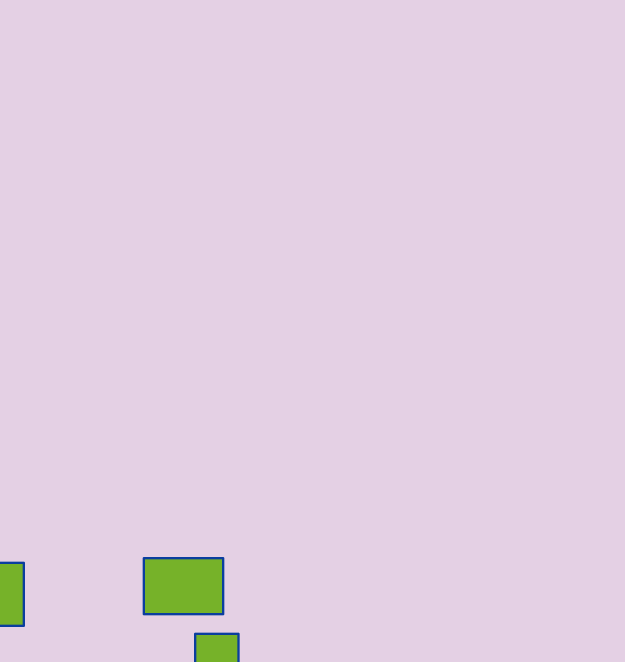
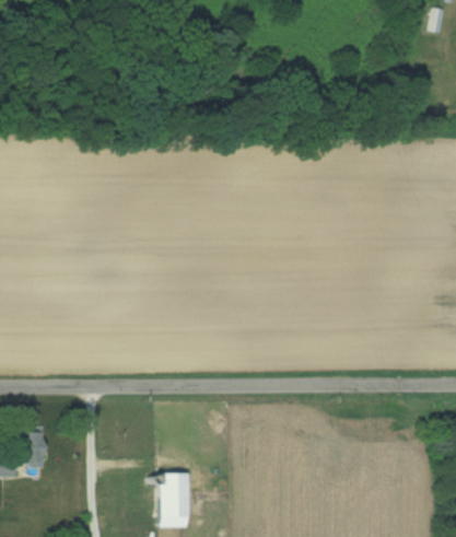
building: [144,558,223,614] -> none

